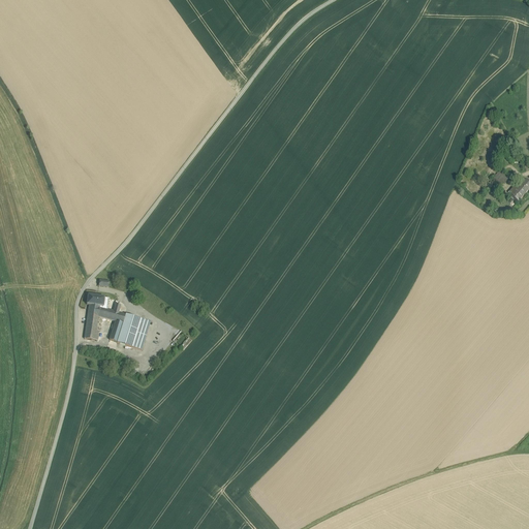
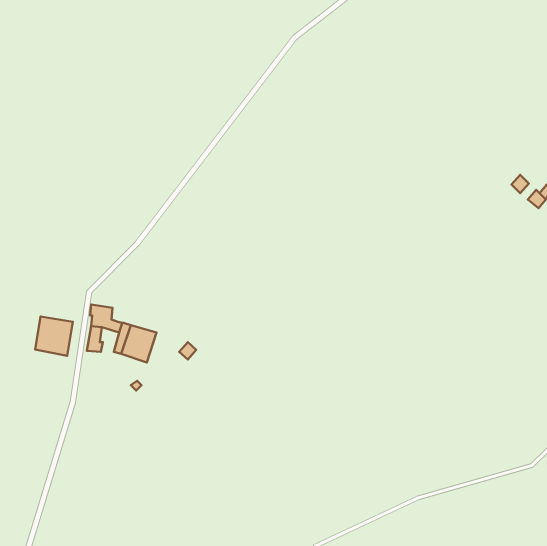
building: none -> [35,317,73,356]

